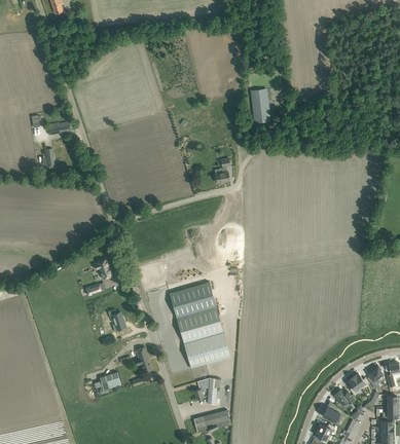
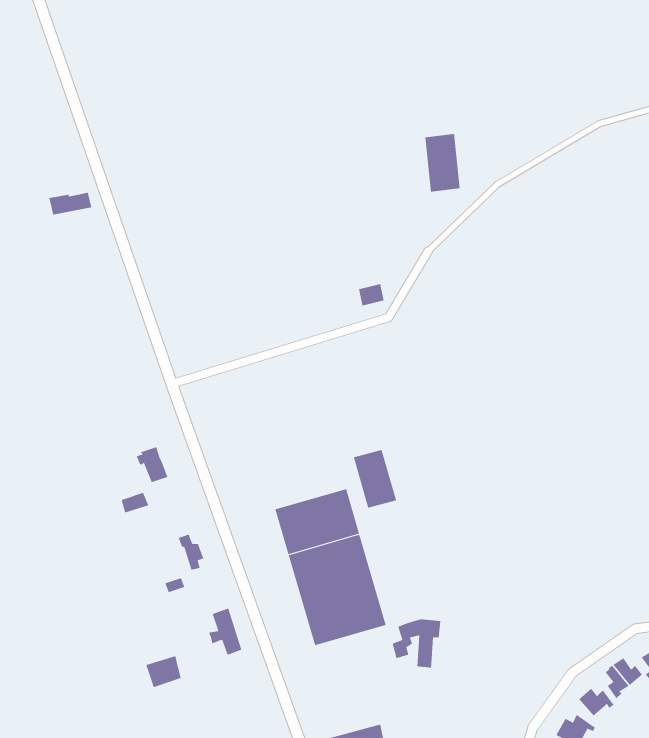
building: none -> [353,449,397,508]
building: [193,377,220,404] -> [392,619,441,668]

